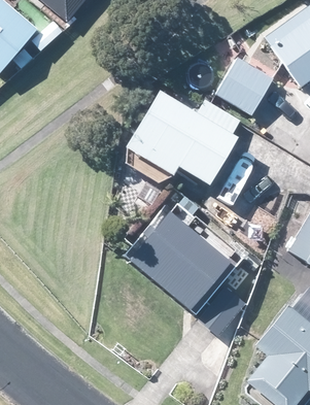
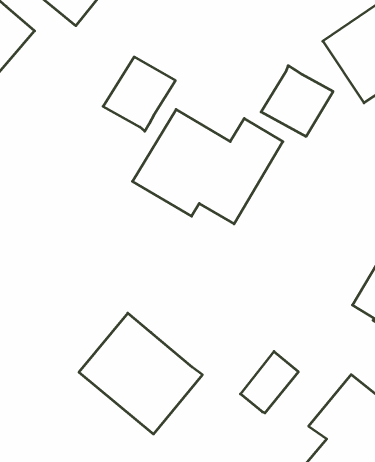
building: none -> [103,57,175,131]
building: [130,212,229,309] -> [79,313,202,434]

